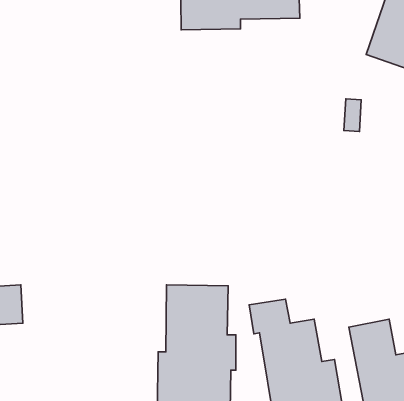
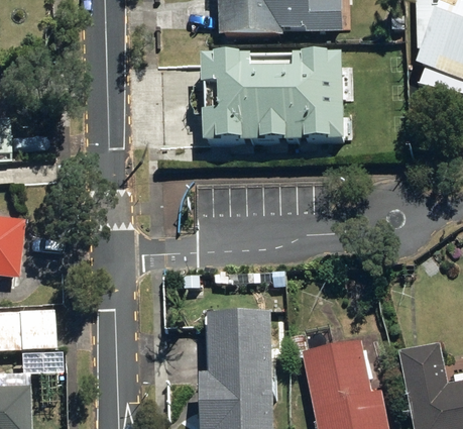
building: none -> [199,56,352,142]

